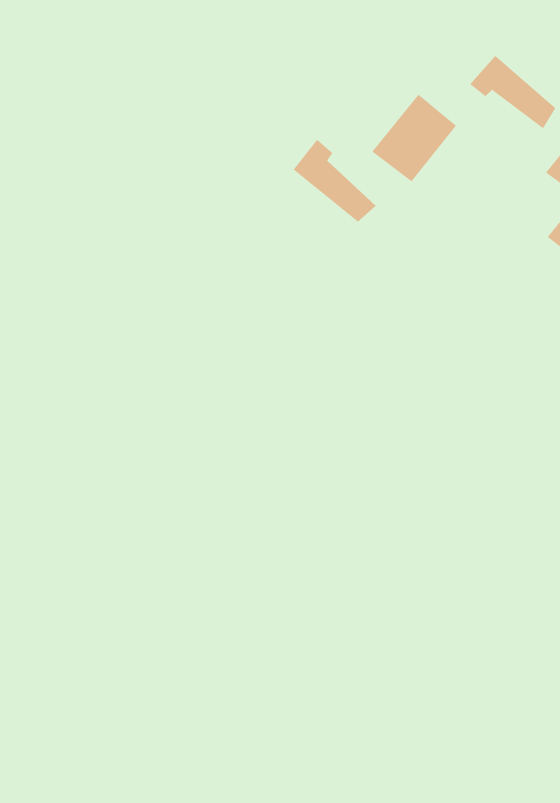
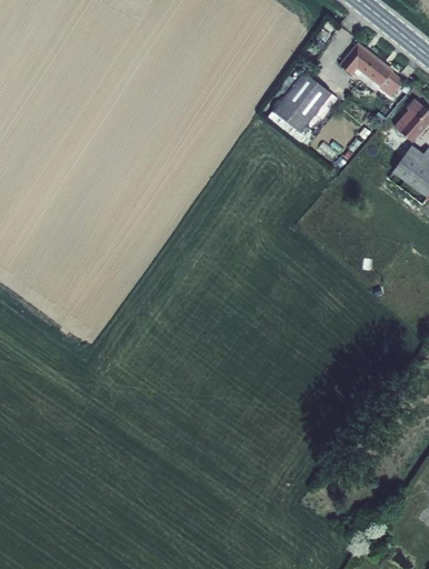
building: [293,139,376,222] -> none

